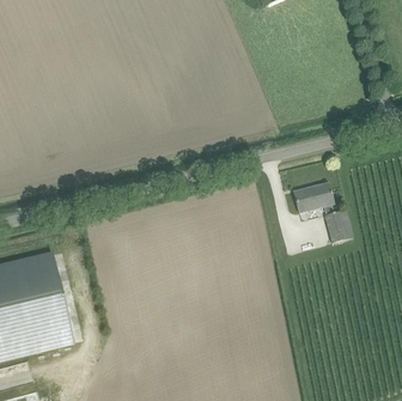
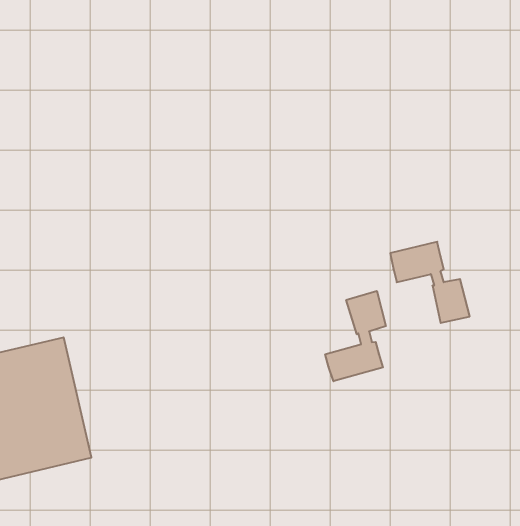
building: none -> [325,291,386,381]

